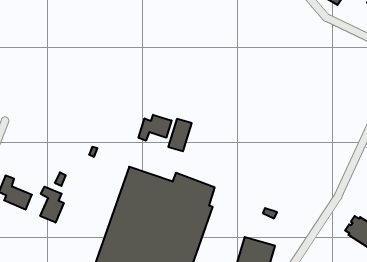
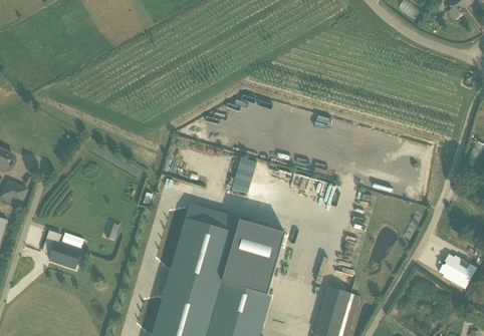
building: [139,115,172,141] -> none
building: [40,187,64,223] -> none

